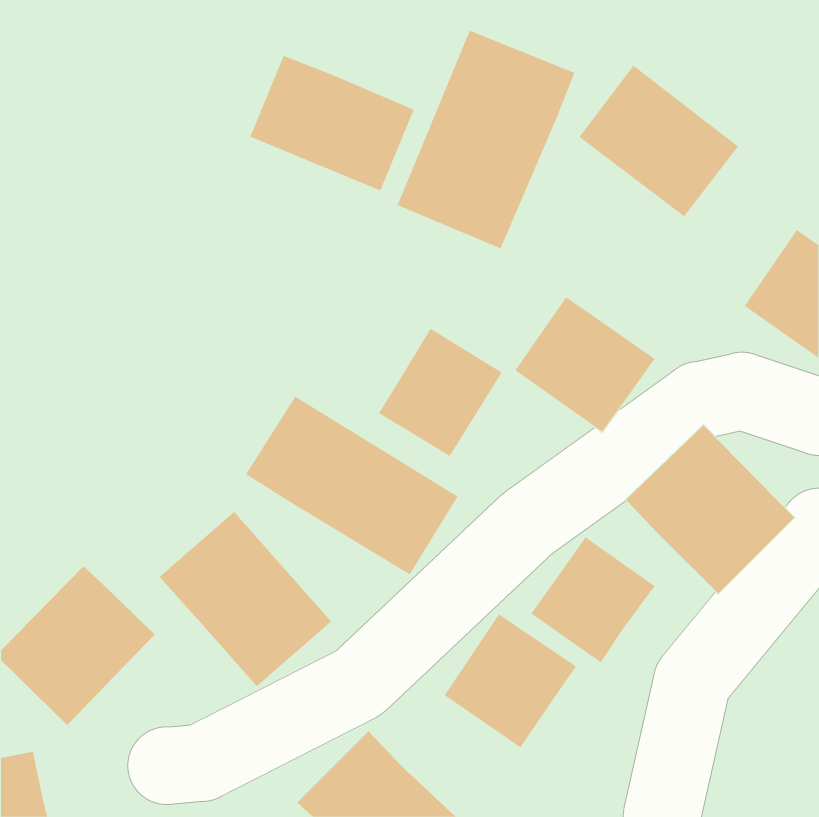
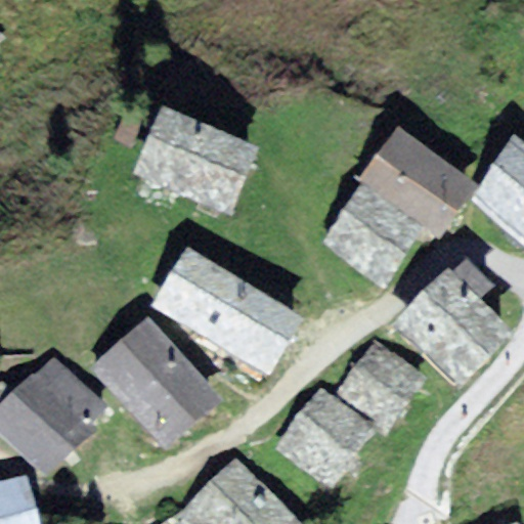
building: [397,30,575,249] -> none
building: [249,55,414,191] -> [142,113,248,200]
building: [579,65,739,217] -> [366,130,469,227]
building: [378,328,503,457] -> none

